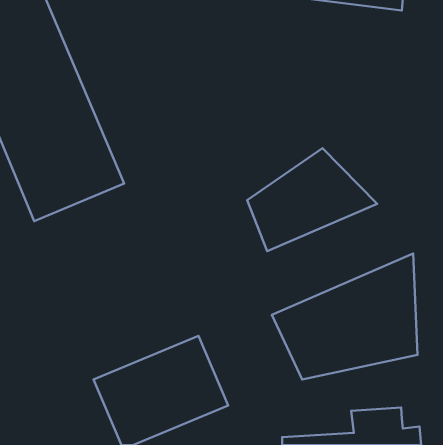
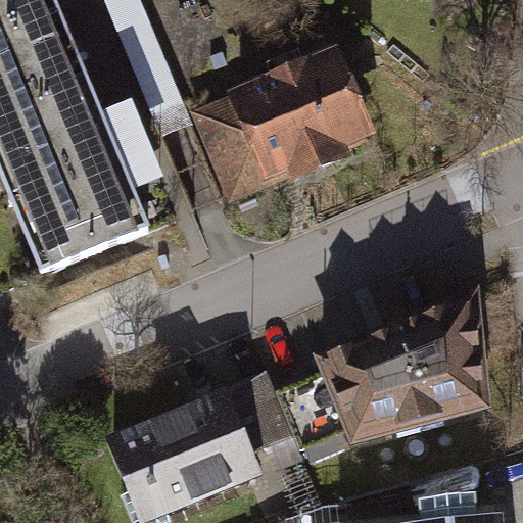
building: none -> [183,33,379,193]
building: [247,148,377,251] -> none

